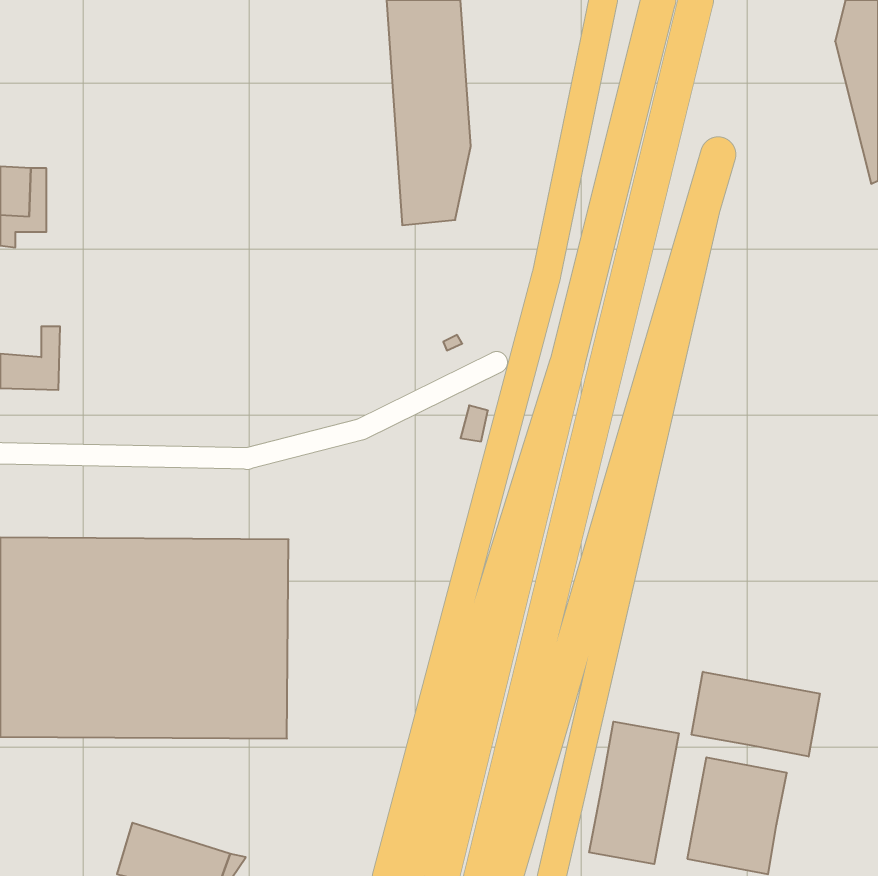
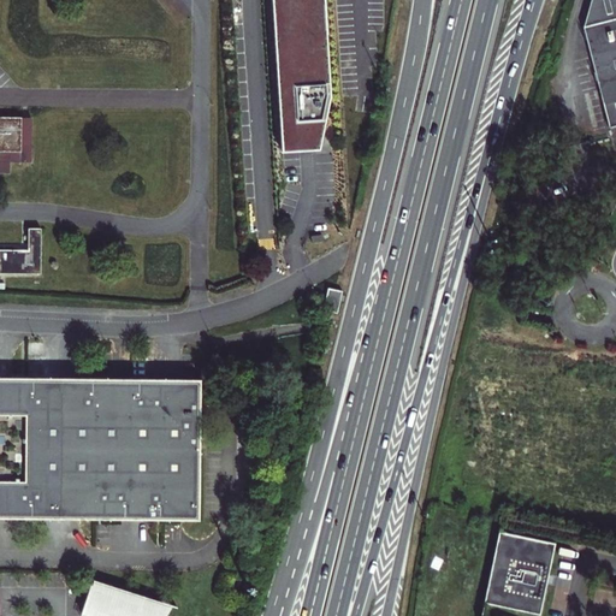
building: [692,672,820,757] -> none
building: [589,722,679,864] -> none

